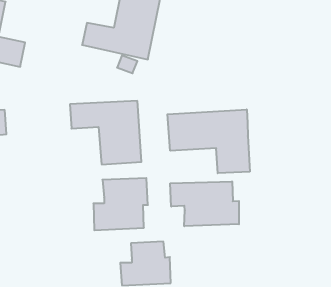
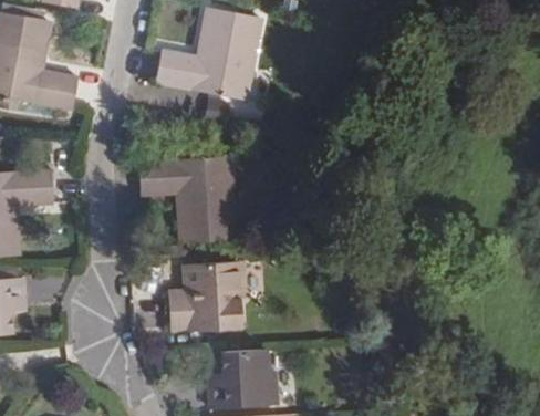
building: [167,109,250,173] -> none
building: [170,181,239,226] -> none

